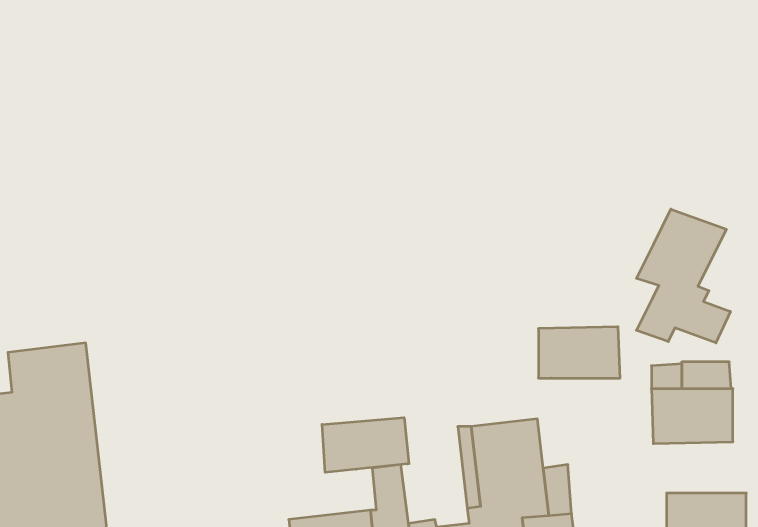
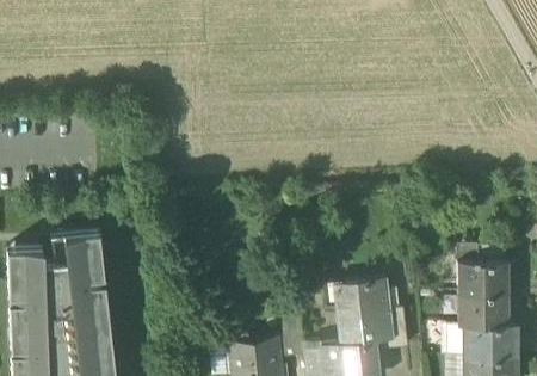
building: [636,209,730,343] -> none
building: [538,327,620,378] -> [457,296,508,328]
building: [322,418,409,472] -> none

